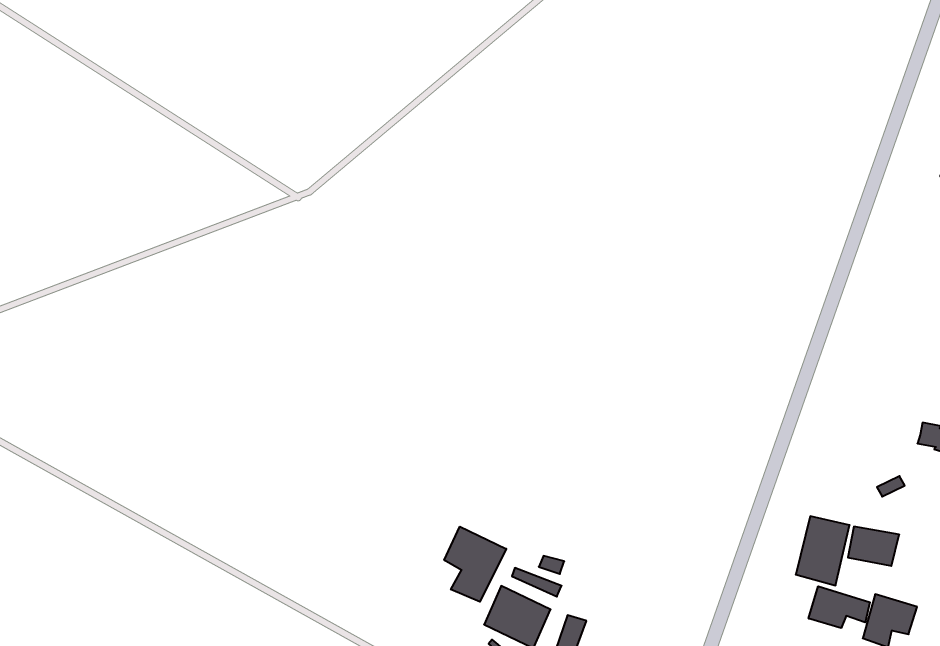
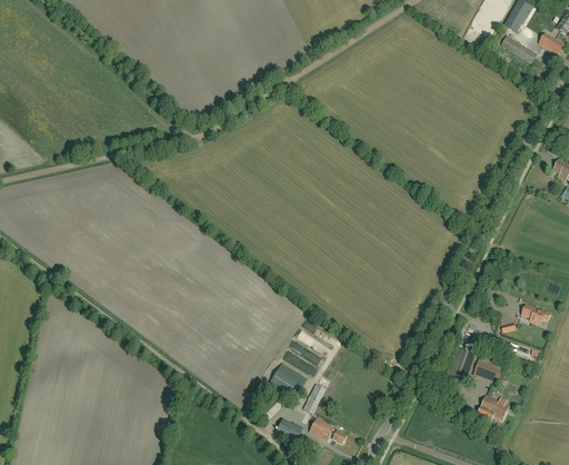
building: [444,527,506,602] -> none
building: [809,586,870,628] -> none

